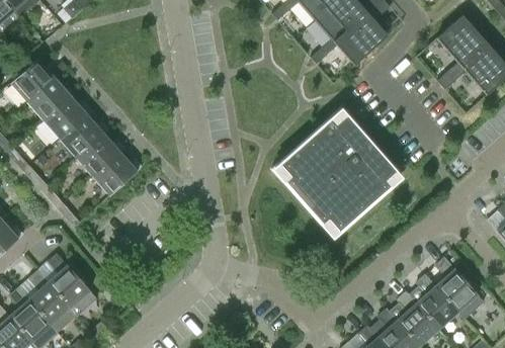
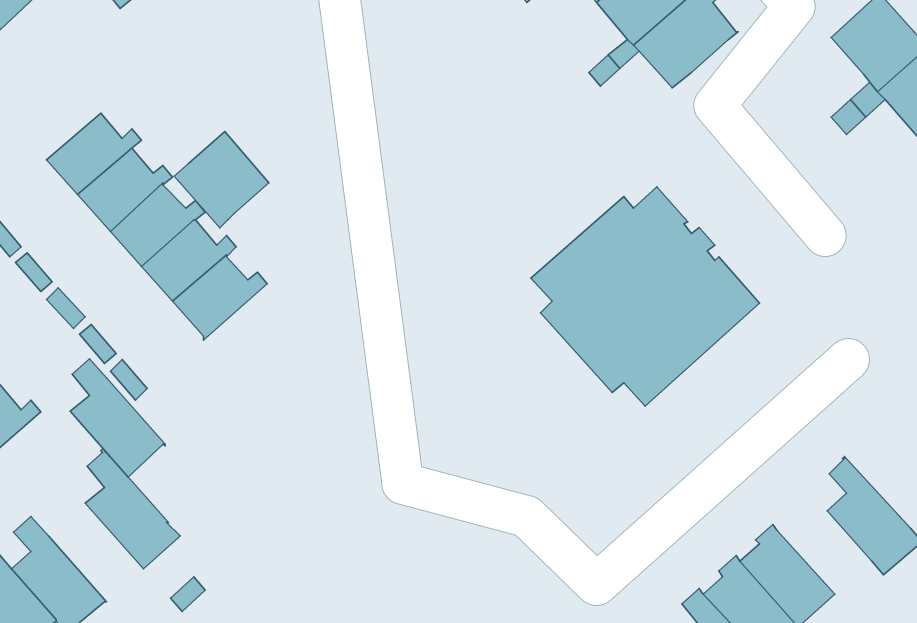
building: [10,59,61,102] -> none
building: none -> [174,131,269,228]
building: [28,271,78,333] -> [70,359,165,477]
building: [409,275,458,329] -> none

